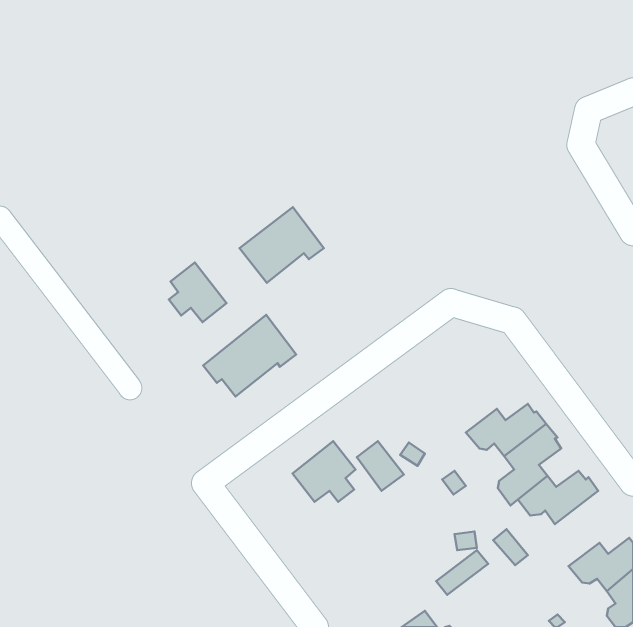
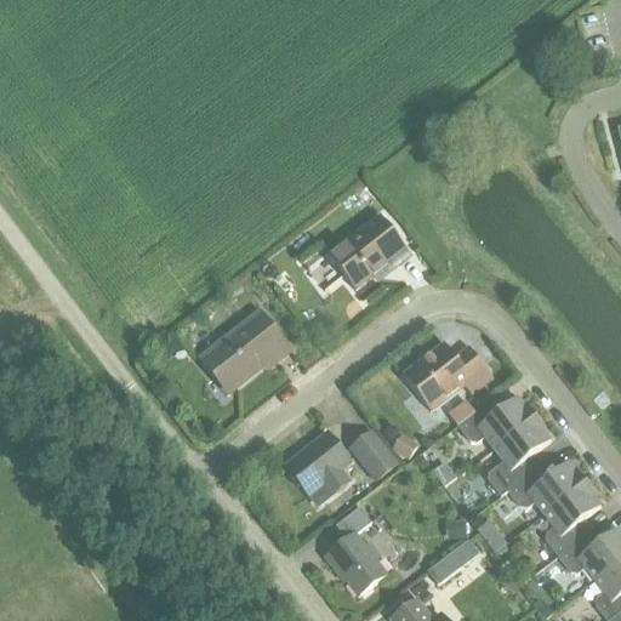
building: [240,207,324,283] -> [327,213,410,287]
building: [169,262,227,322] -> none
building: none -> [403,341,492,409]
building: none -> [543,480,600,554]
building: none -> [325,505,386,594]

